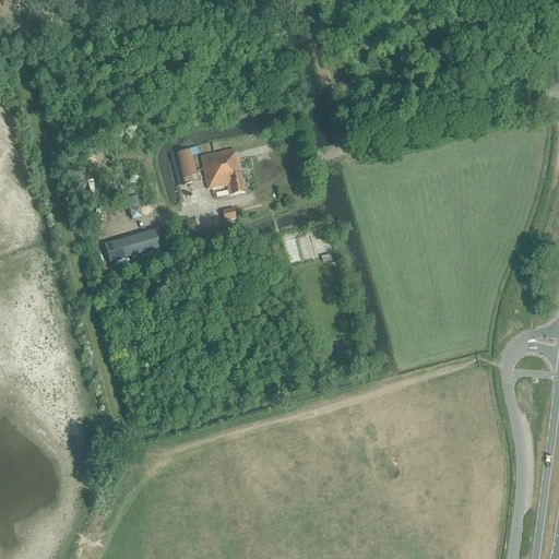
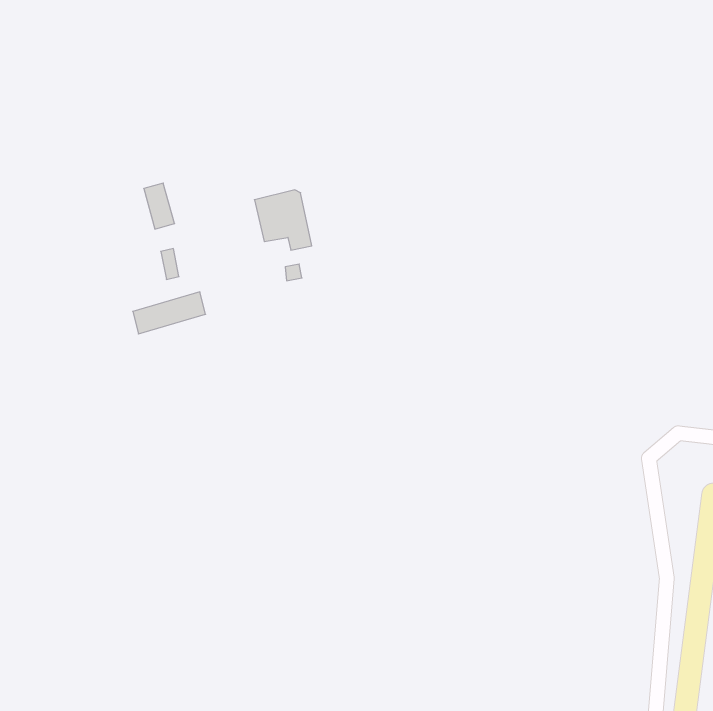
building: [174,147,198,183] -> [144,183,175,229]

